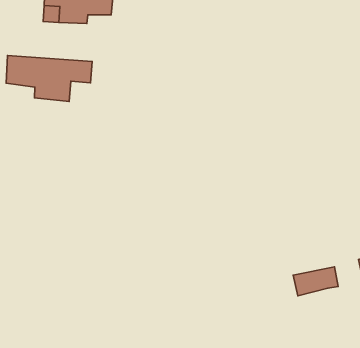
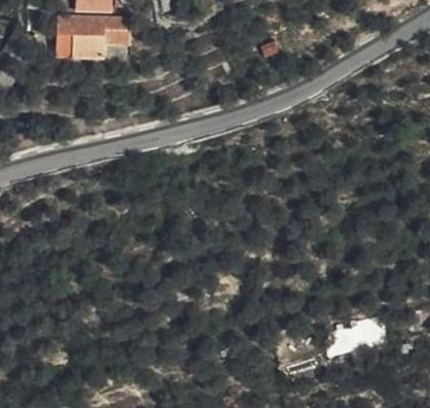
building: [6,56,92,101] -> none

